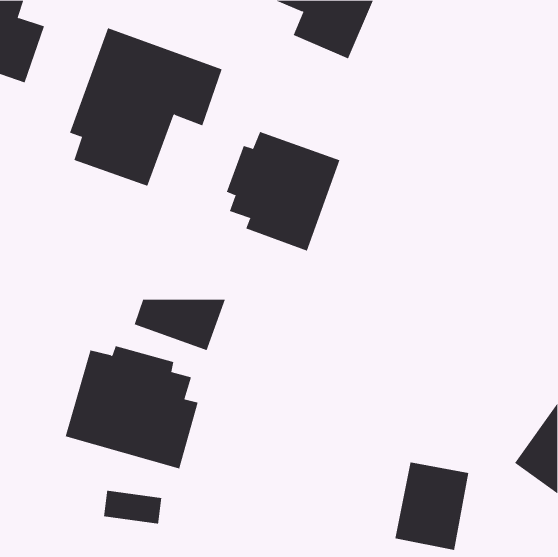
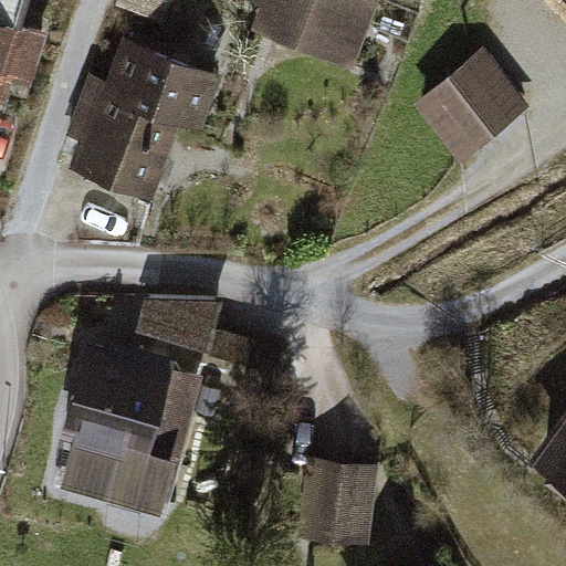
building: none -> [412,51,531,165]
building: [226,131,340,252] -> none
building: [395,462,469,551] -> [298,464,374,554]

